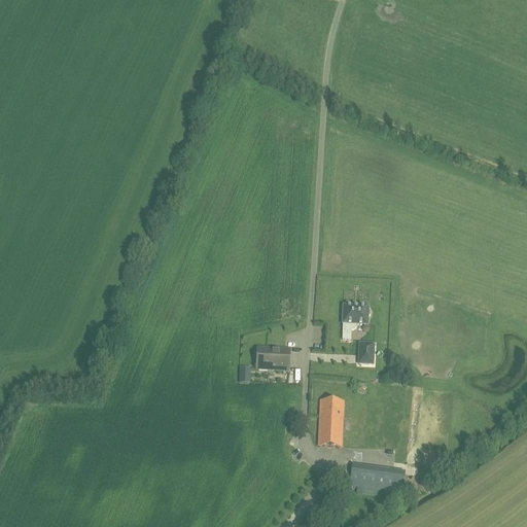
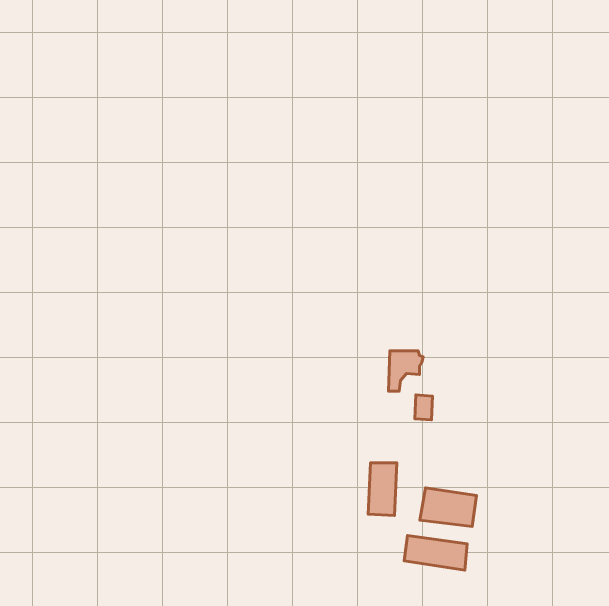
building: [256,346,289,368] -> none
building: none -> [420,488,477,527]

